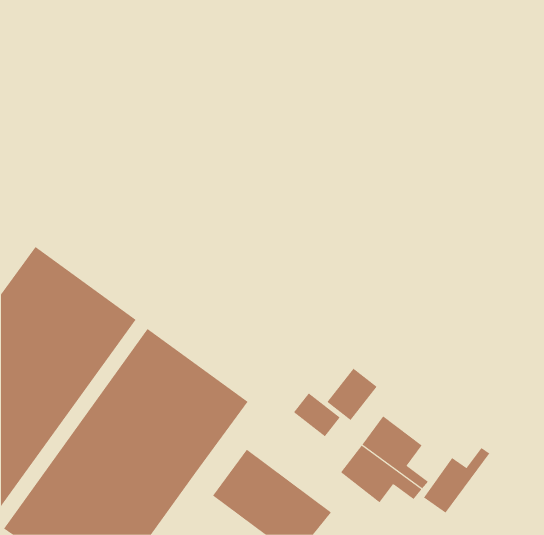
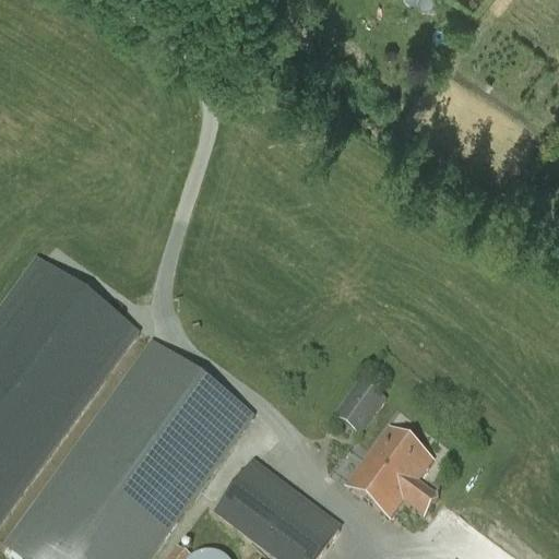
building: [293,393,341,437] -> none
building: [423,447,490,513] -> none

